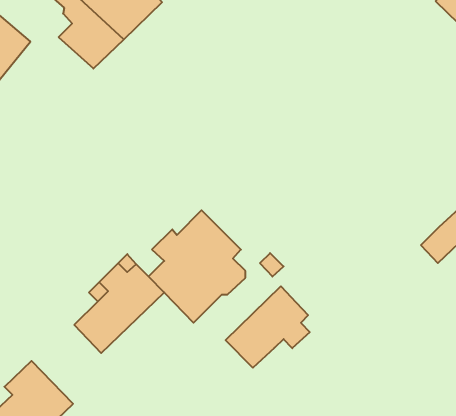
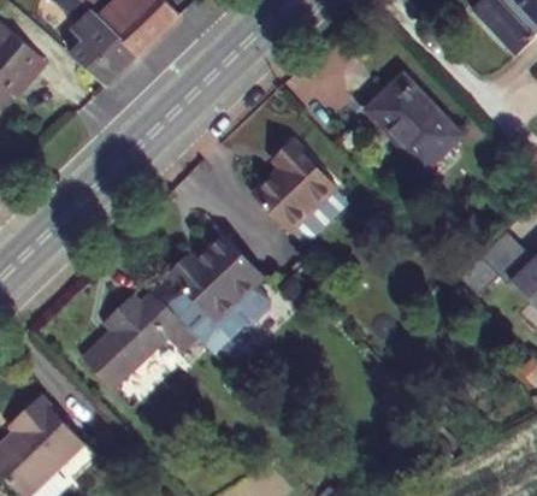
building: none -> [371,77,461,170]
building: none -> [256,142,337,232]
building: [226,286,310,368] -> none

